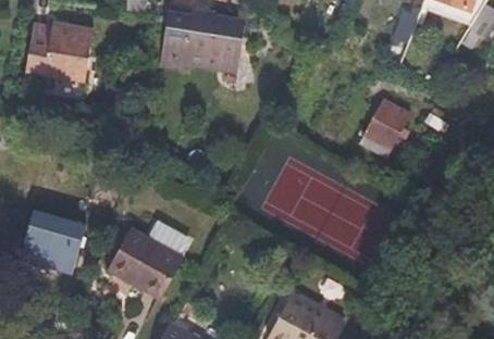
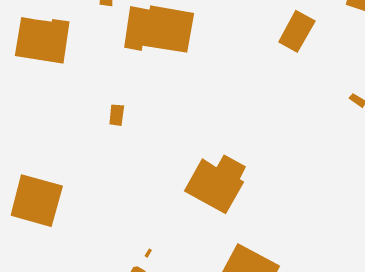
building: [360,103,408,158] -> [277,9,317,54]
building: [108,222,185,296] -> [183,153,247,215]

